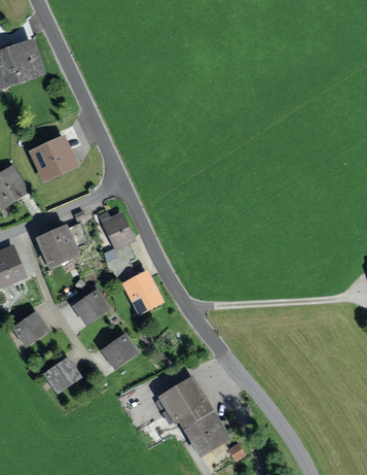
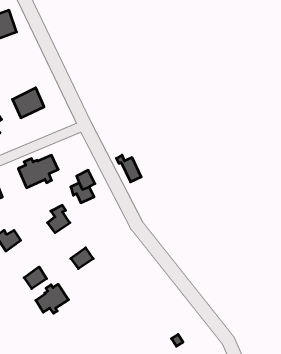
building: [99,213,130,246] -> [116,155,141,182]
building: [126,277,156,309] -> none
building: [162,381,203,418] -> none
building: none -> [36,284,69,313]
building: [186,414,223,450] -> none

